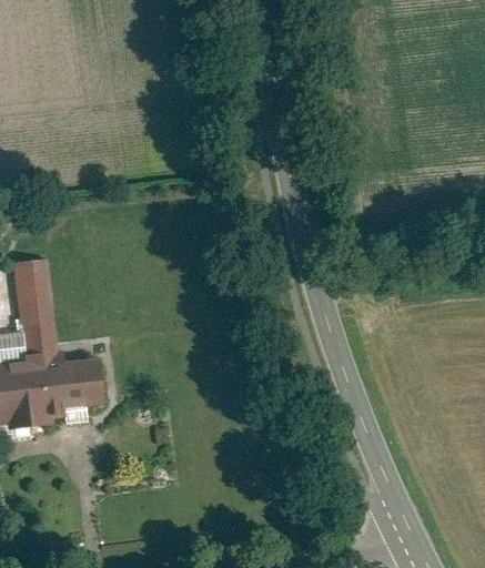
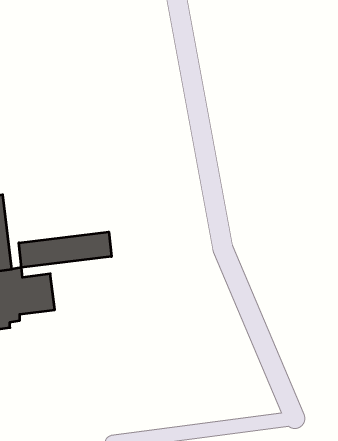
building: none -> [19,232,111,267]

